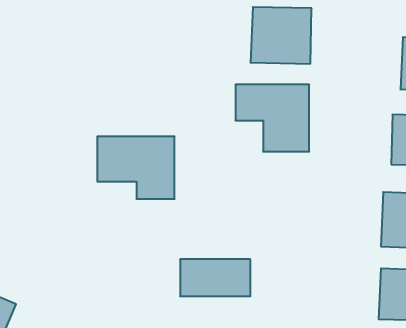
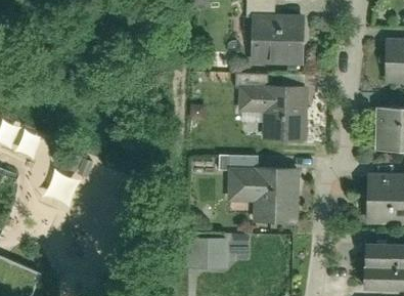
building: [97,136,175,199] -> [228,162,297,217]

